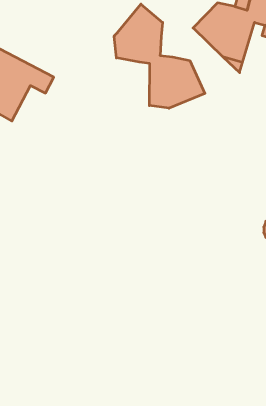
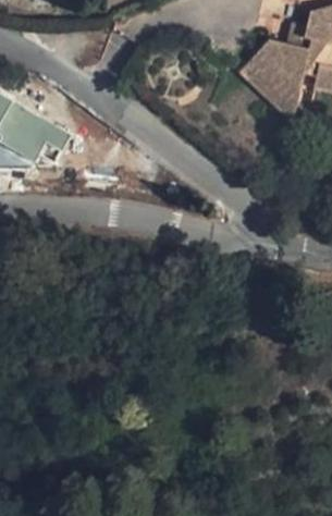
building: [114,4,205,108] -> none

